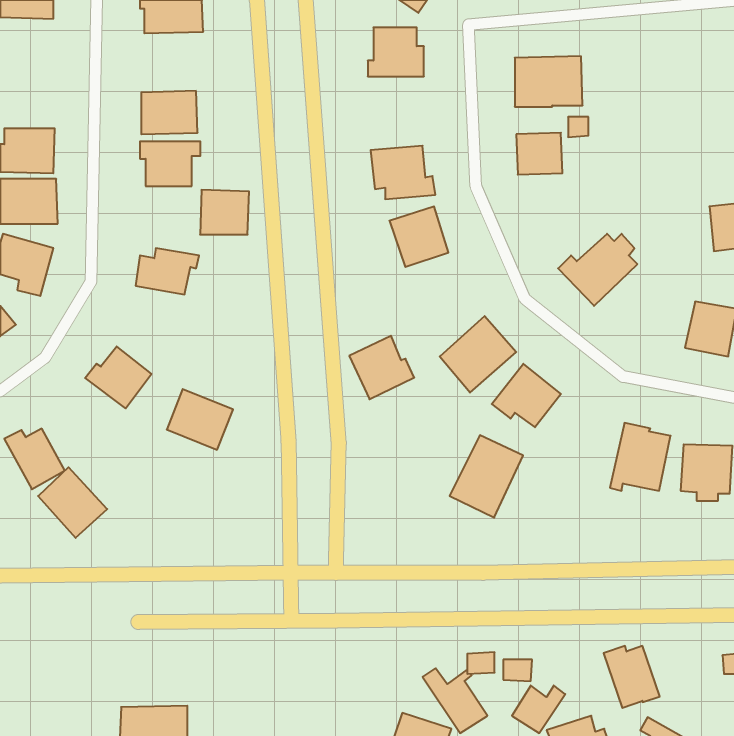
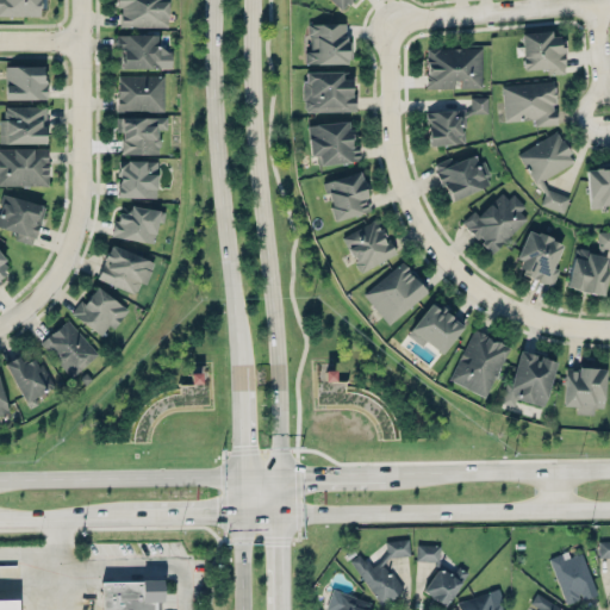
building: none -> [523,32,567,75]
building: none -> [118,35,173,69]
building: none -> [7,67,48,100]
building: none -> [305,71,355,113]
building: none -> [503,82,559,127]
building: none -> [521,132,575,213]
building: none -> [437,156,493,200]
building: [200,190,249,235] -> [119,161,160,198]
building: none -> [519,231,565,286]
building: [349,336,414,399] -> [344,220,398,273]
building: [167,389,233,450] -> [99,245,154,295]
building: [450,435,523,518] -> [450,330,511,398]
building: [38,467,107,538] -> [43,319,100,378]
building: [604,646,660,708] -> [552,553,598,604]

